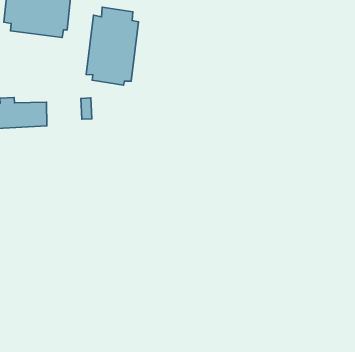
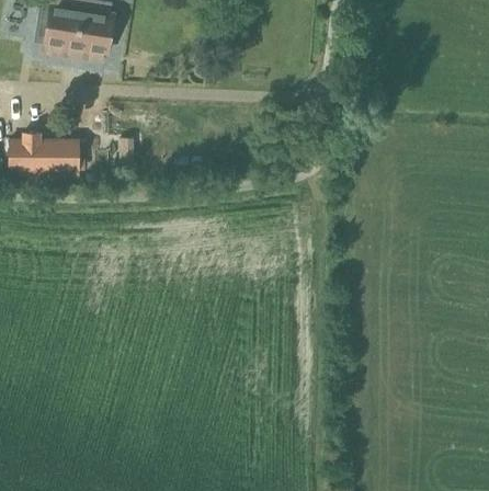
building: [86,7,139,85] -> none

